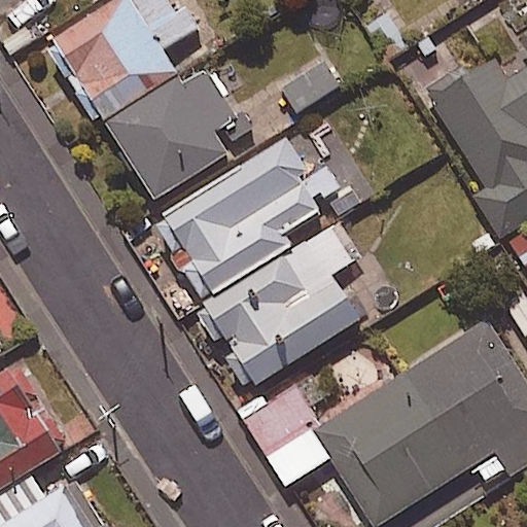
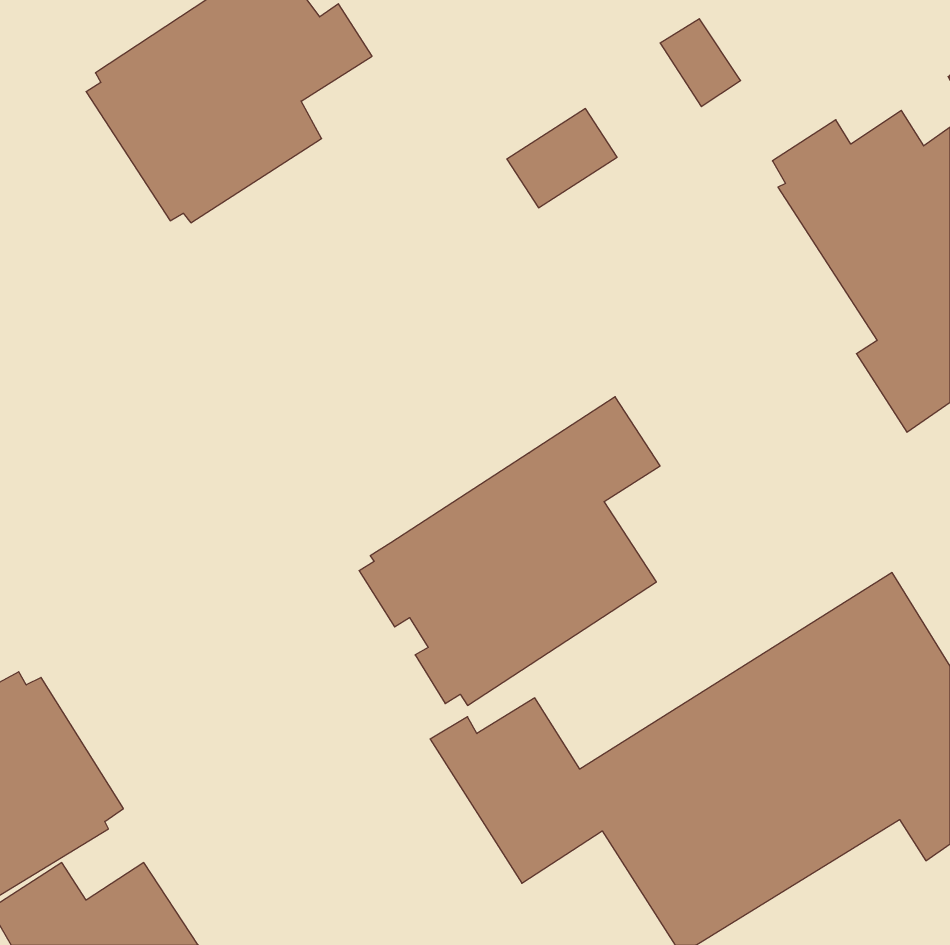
building: [105,67,253,202] -> none
building: [155,137,360,302] -> none

